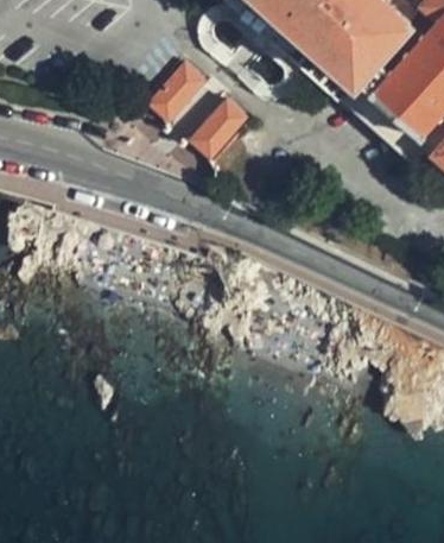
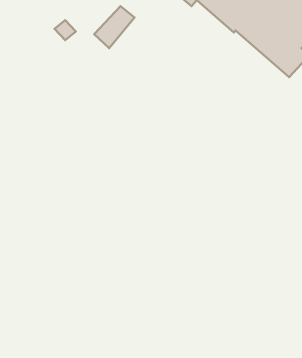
building: [198,93,254,150] -> none

